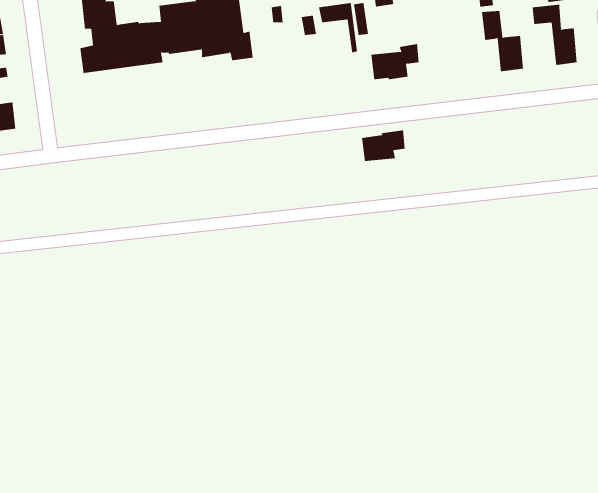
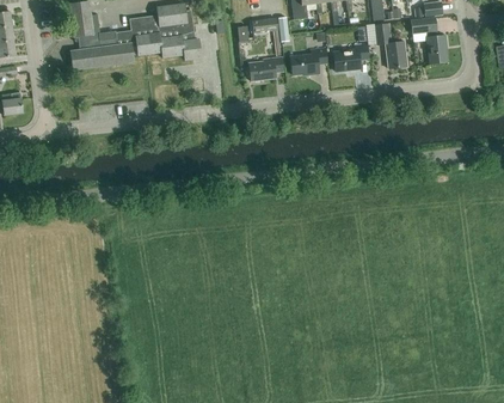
building: none -> [333,43,369,72]
building: [361,130,405,162] -> [250,57,283,81]

